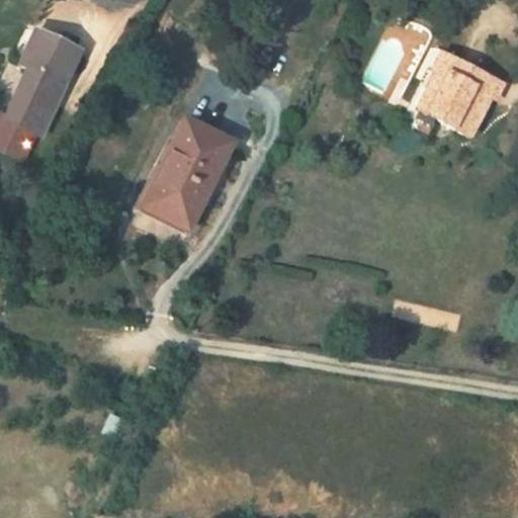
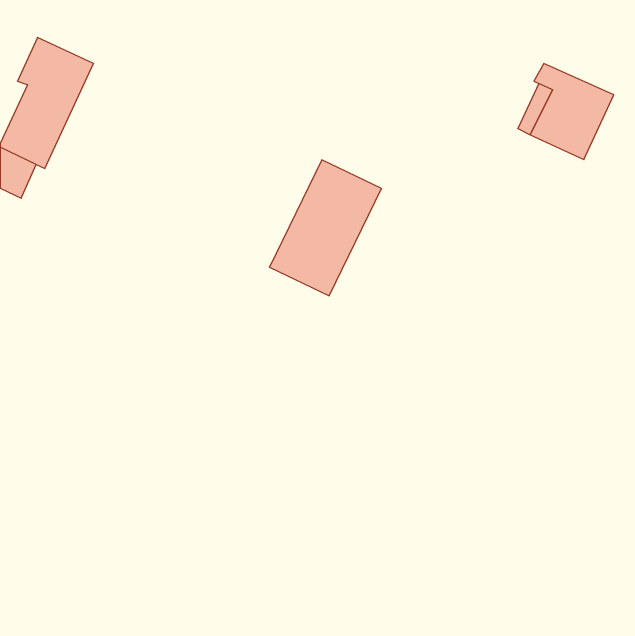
building: [143,120,234,231] -> [269,160,382,296]

